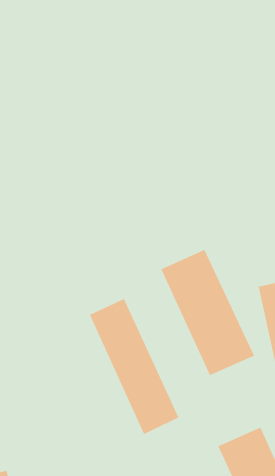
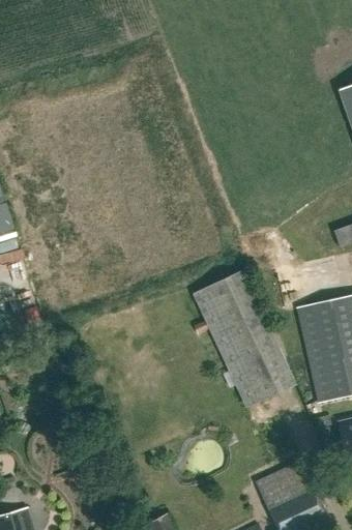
building: [89,298,179,435] -> none

